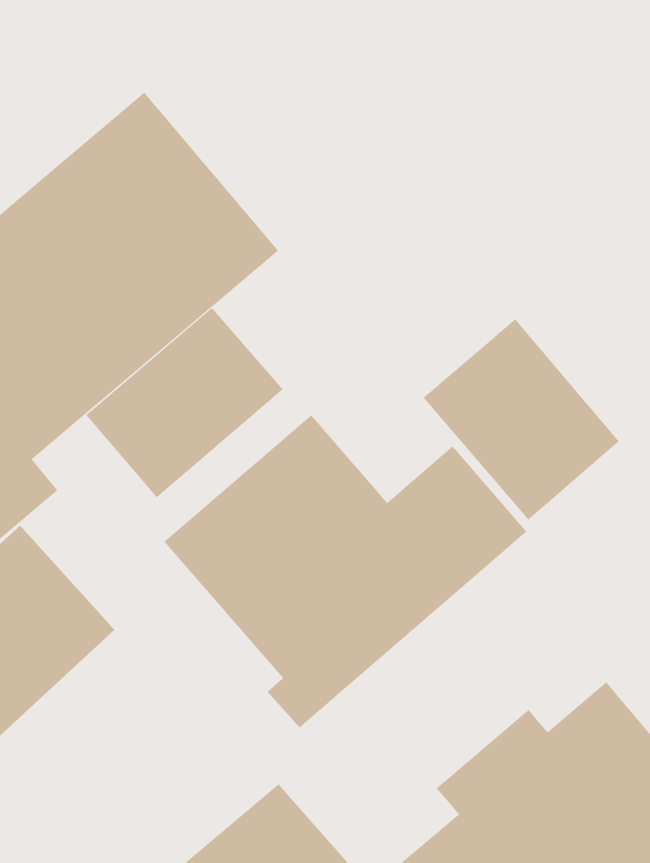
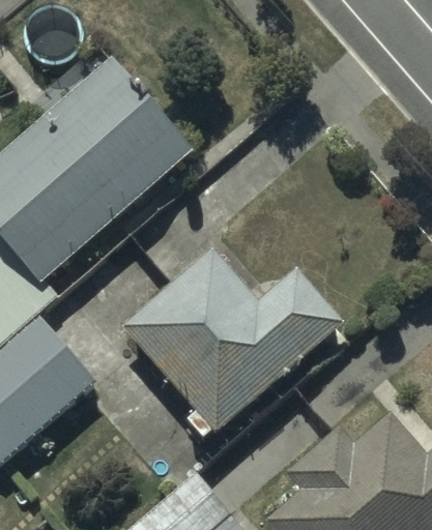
building: [85,307,283,498] -> none
building: [423,318,620,521] -> none

